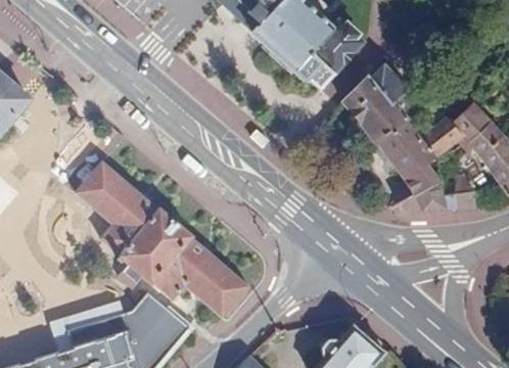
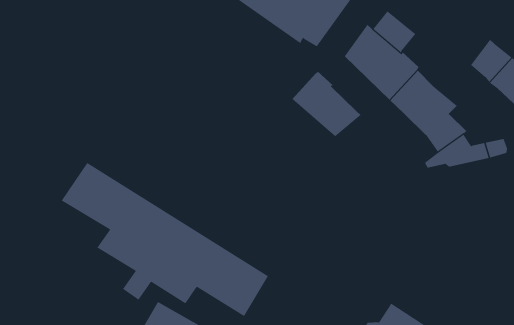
building: none -> [291,71,362,137]
building: [418,114,464,157] -> none

